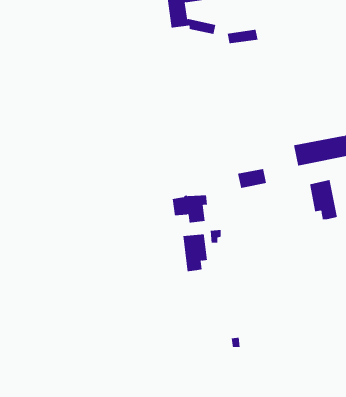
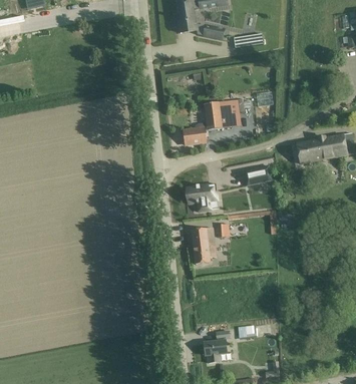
building: none -> [184,99,245,144]
building: [309,179,337,220] -> none
building: none -> [205,331,231,363]

